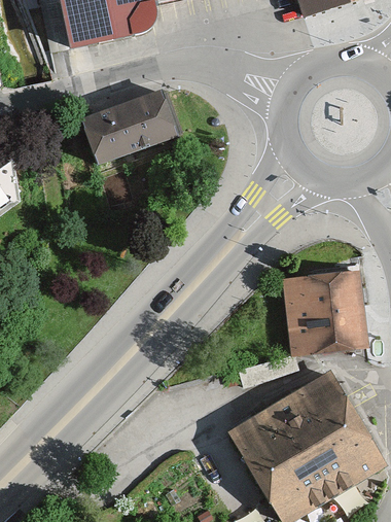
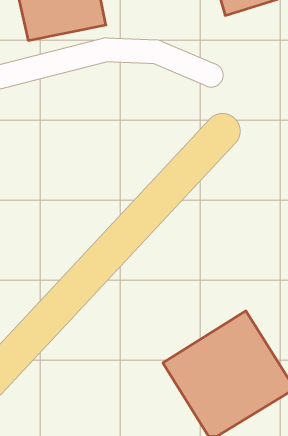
building: [81,91,181,167] -> none
building: [279,259,365,346] -> none

